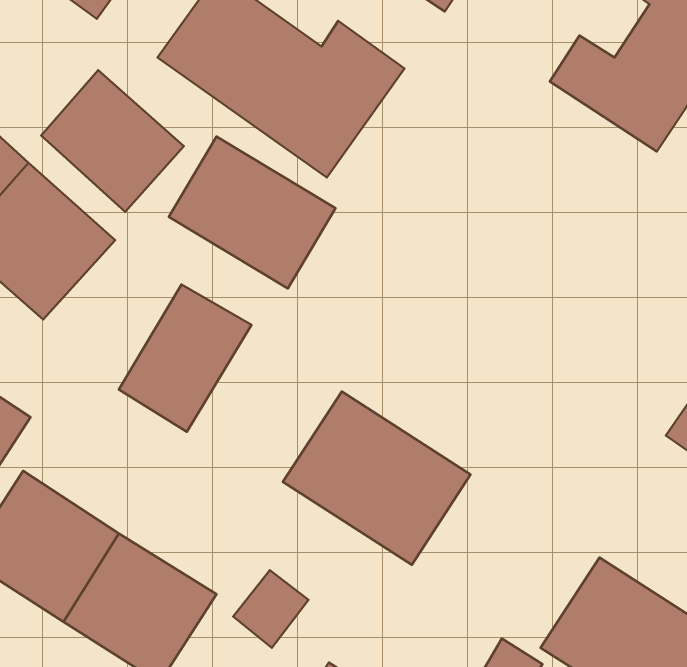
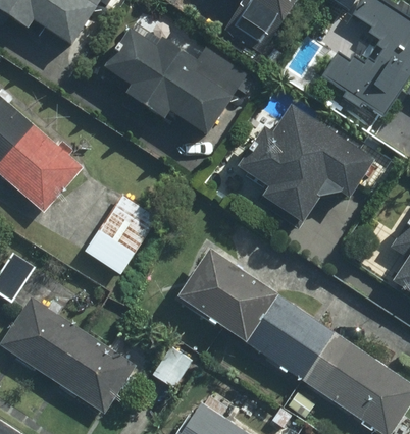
building: [41,70,184,212] -> none
building: none -> [243,105,372,216]
building: [169,136,335,289] -> none
building: none -> [246,296,350,392]

